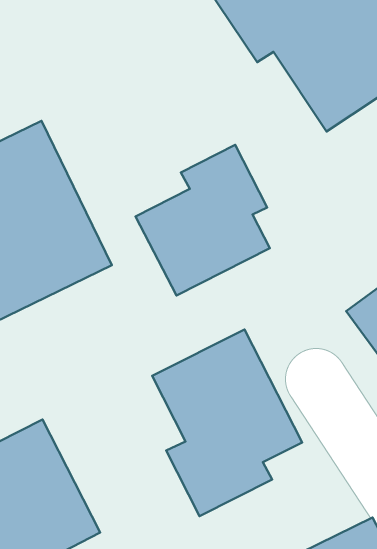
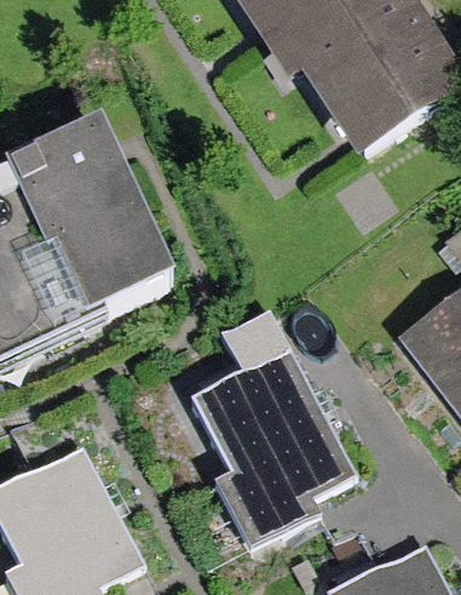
building: [136,145,270,295] -> none

